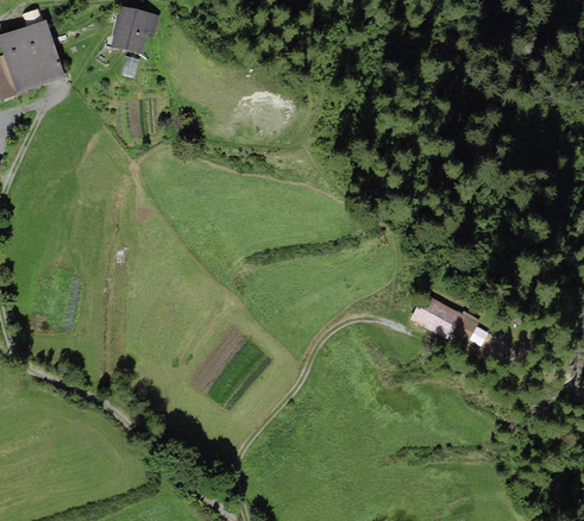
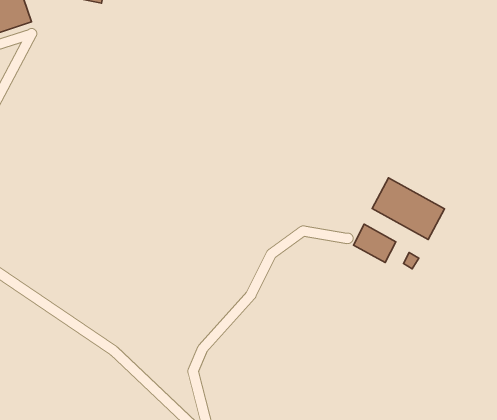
building: none -> [372,178,445,239]

